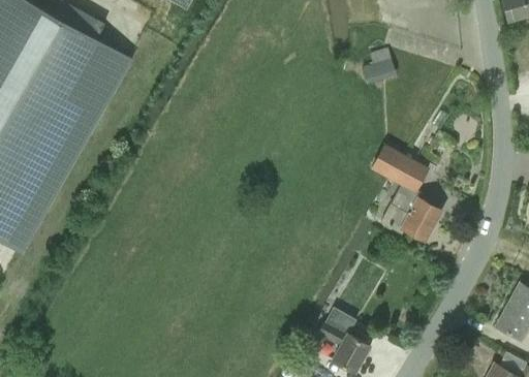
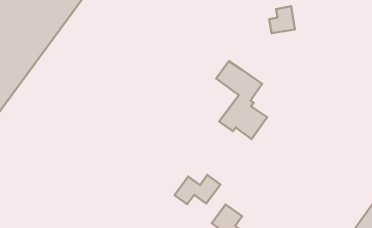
building: [371,145,441,240] -> [216,61,267,139]
building: none -> [175,175,220,204]

